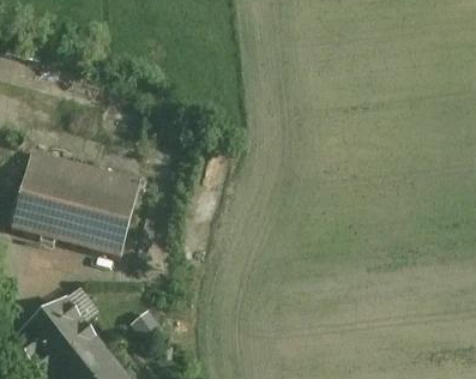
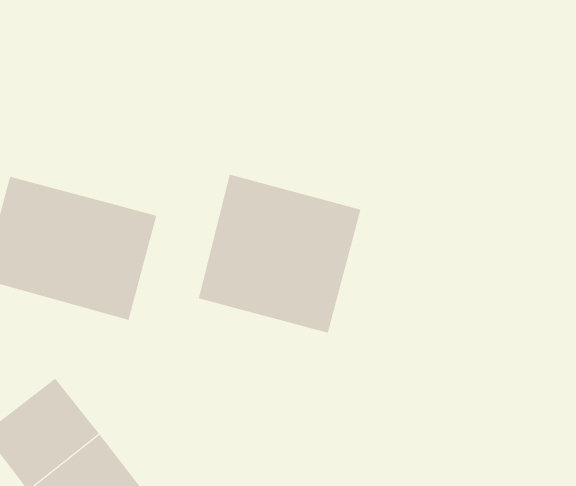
building: none -> [198,174,361,333]

